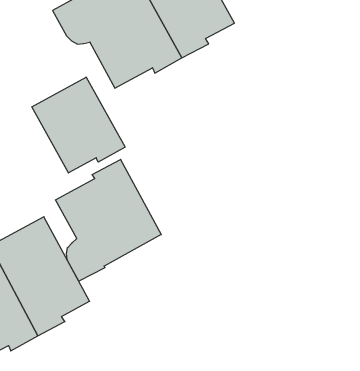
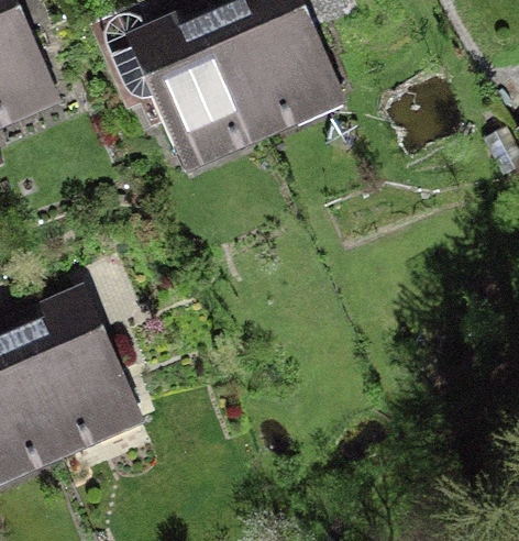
building: [32,77,125,173] -> none
building: [55,159,161,281] -> none

